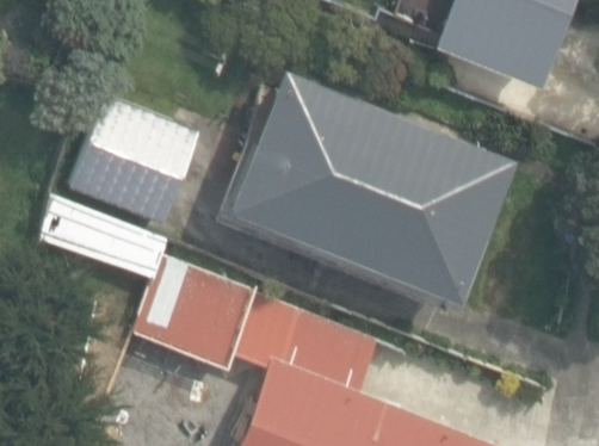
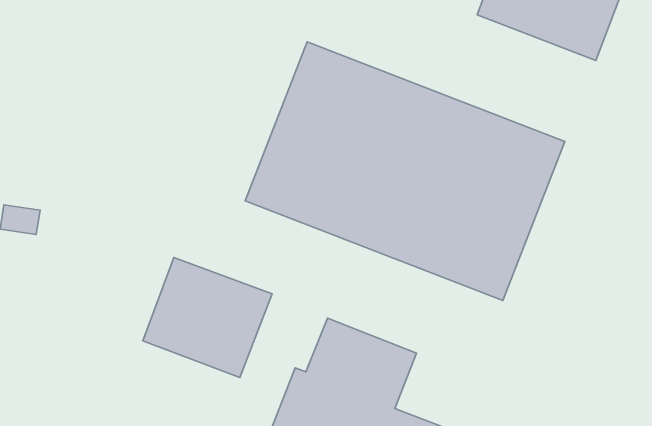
building: [67,98,200,225] -> none

